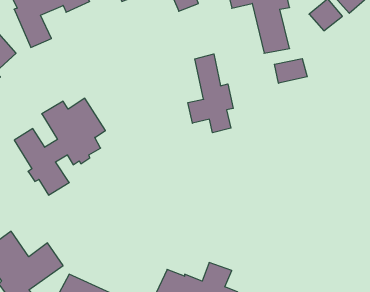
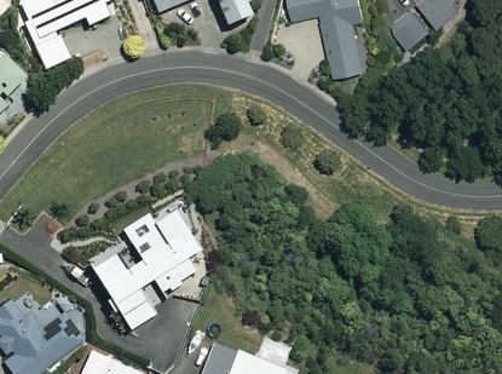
building: [188,54,233,133] -> none
building: [274,59,307,83] -> none
building: [14,98,105,195] -> [88,209,201,329]

